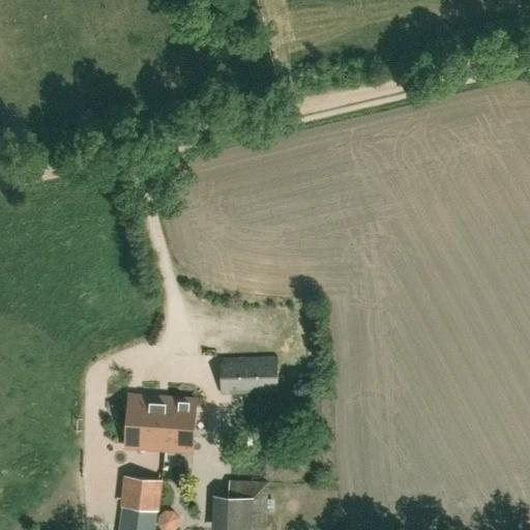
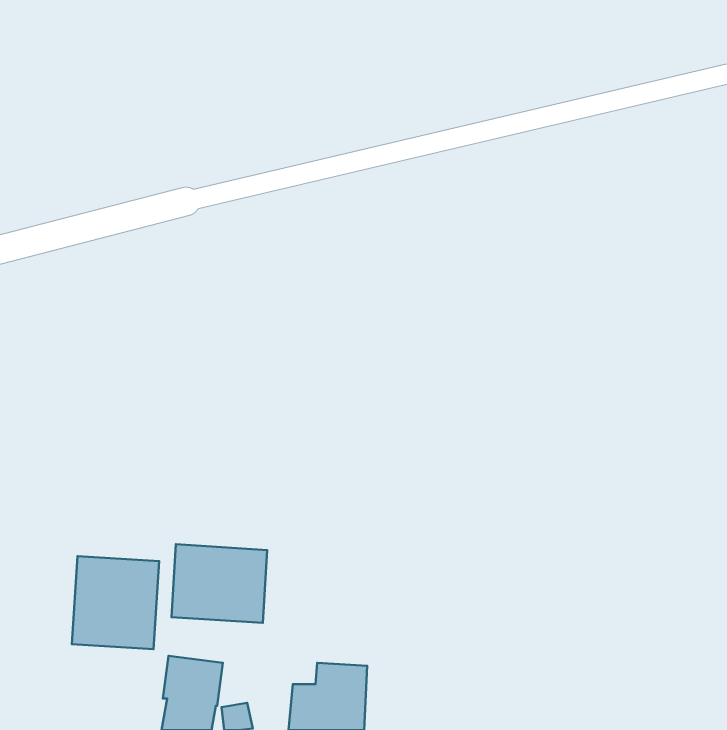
building: [218,356,277,392] -> none
building: none -> [72,556,159,649]

